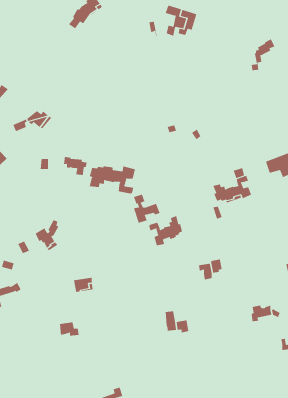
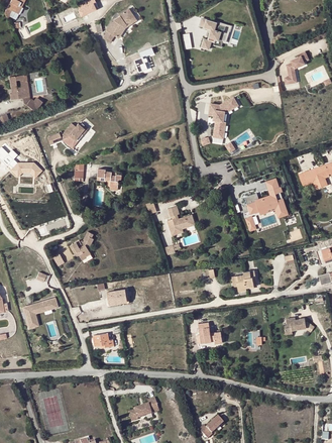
building: none -> [209,97,238,138]
building: [89,166,136,194] -> none
building: [149,215,183,246] -> none

